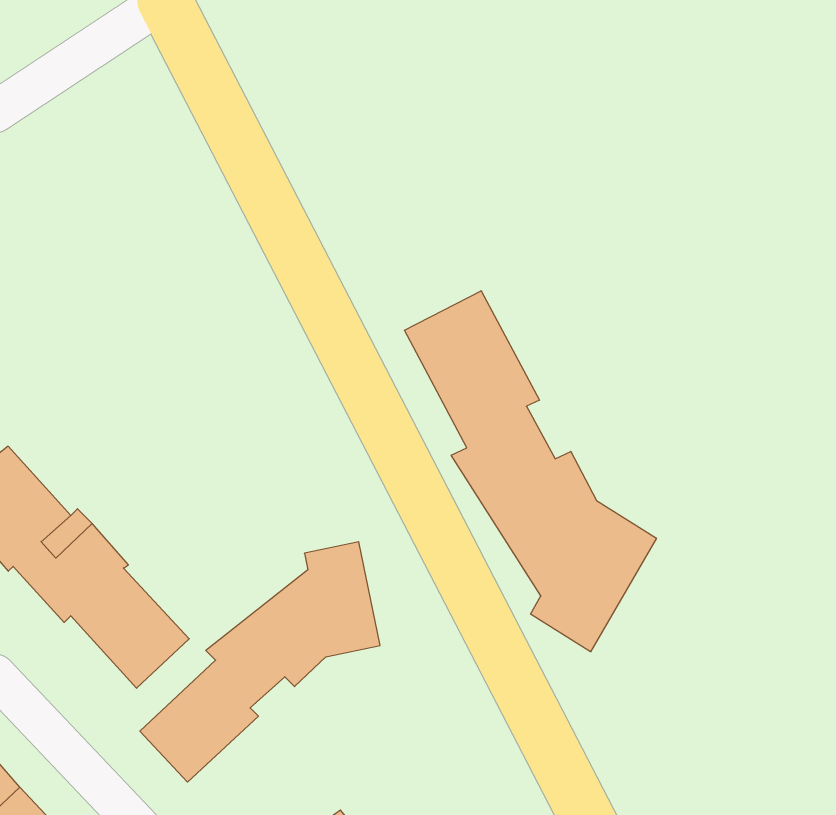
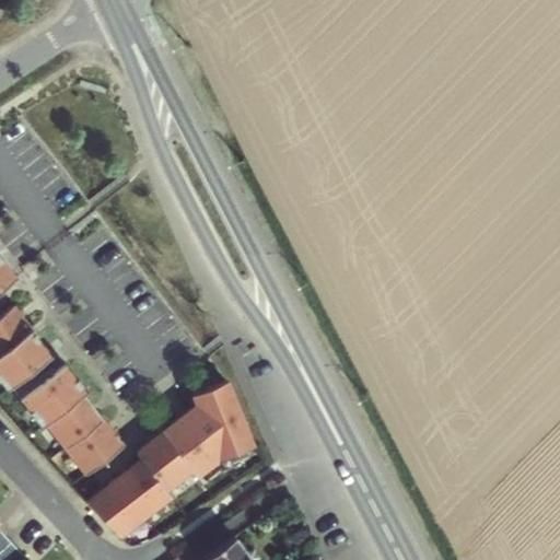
building: [404,291,656,652] -> none

